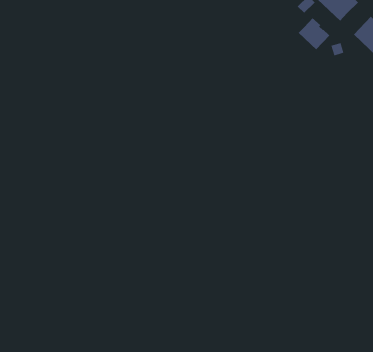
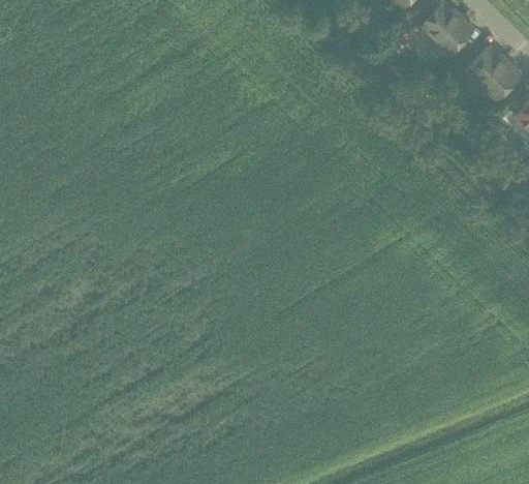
building: [298,17,330,50] -> none

